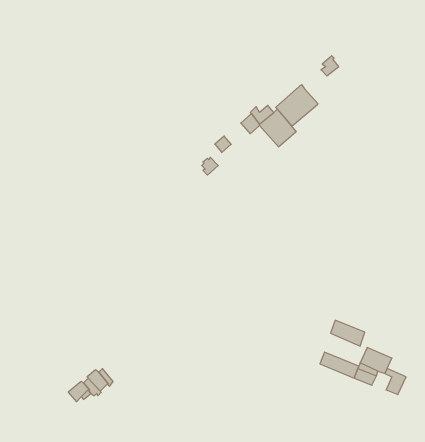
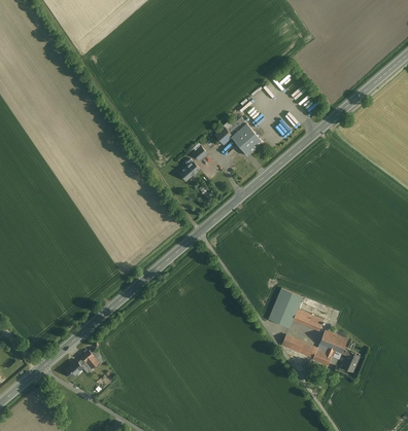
building: [276,85,318,126] -> none
building: none -> [269,287,303,326]

